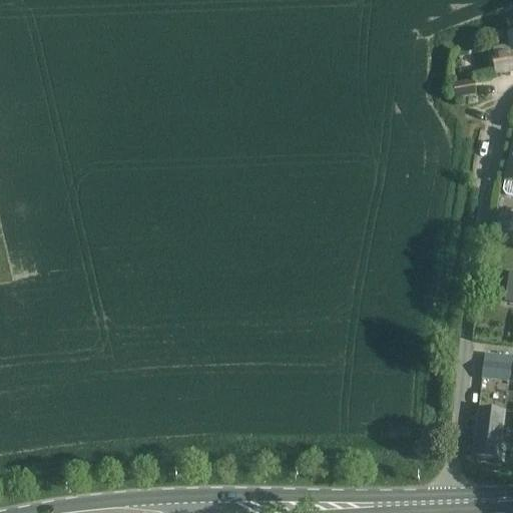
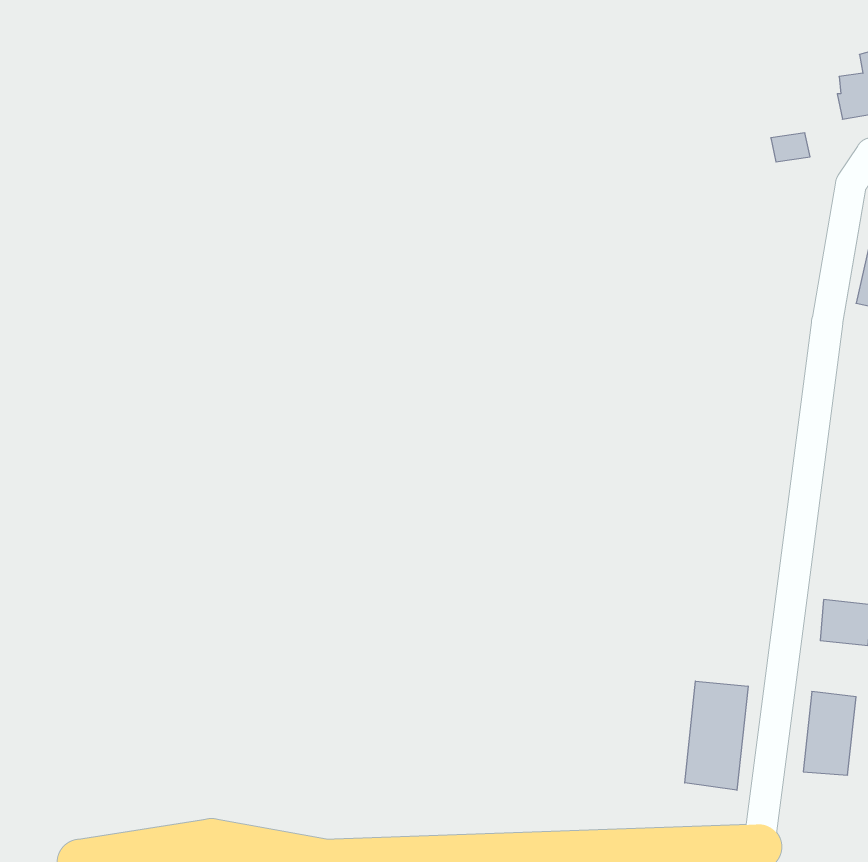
building: none -> [685,681,748,790]

